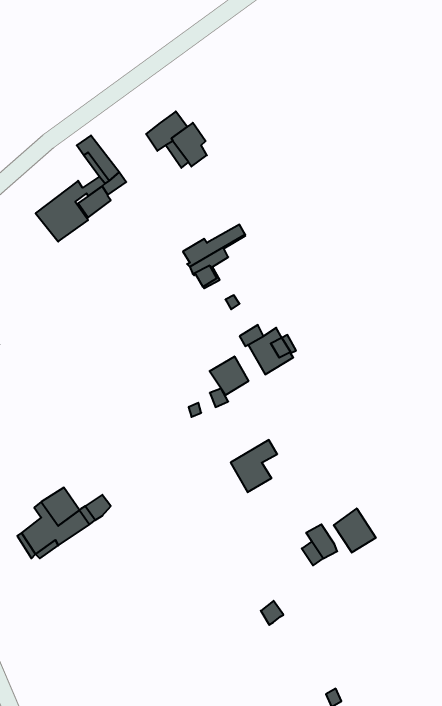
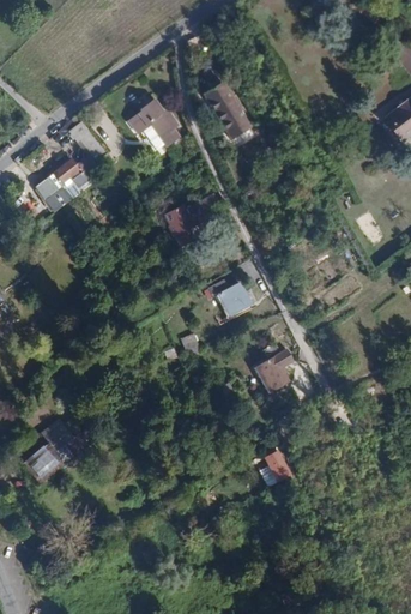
building: none -> [200,83,244,140]
building: [210,356,248,395] -> none
building: [231,440,277,492] -> [255,348,295,392]
building: [334,508,376,553] -> none

